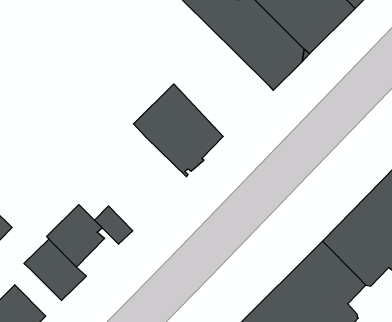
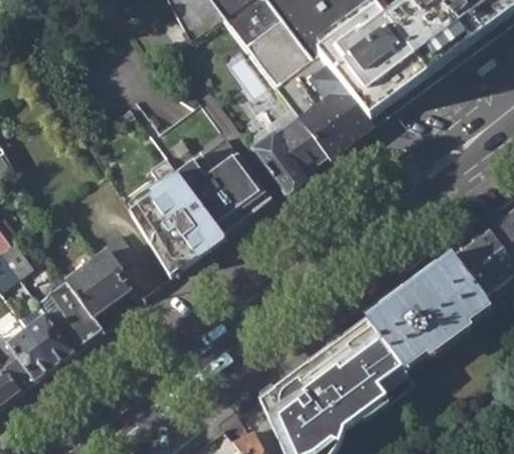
building: none -> [250,111,325,190]
building: none -> [131,148,223,270]
building: none -> [24,309,71,362]

